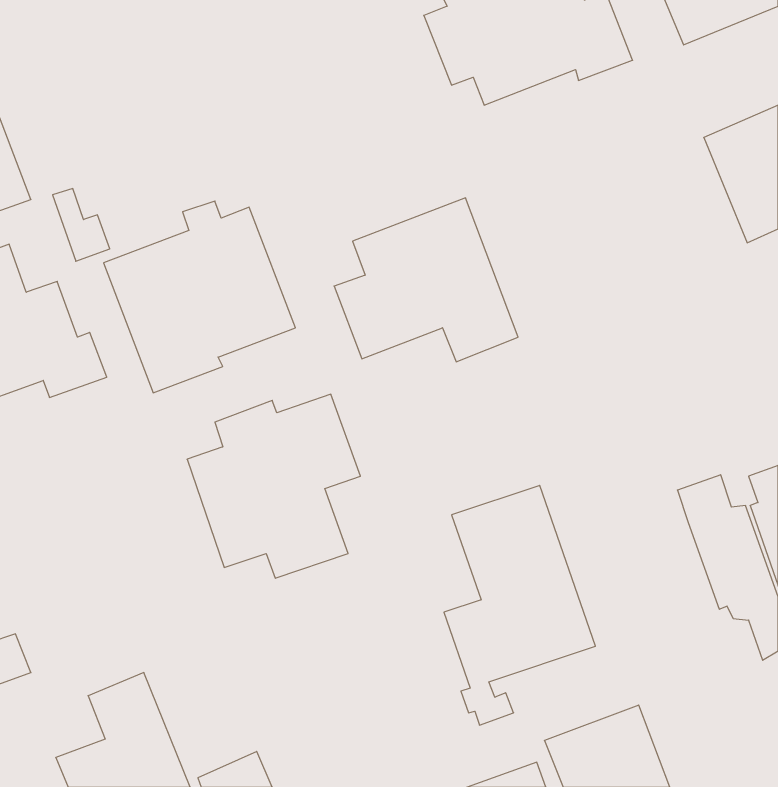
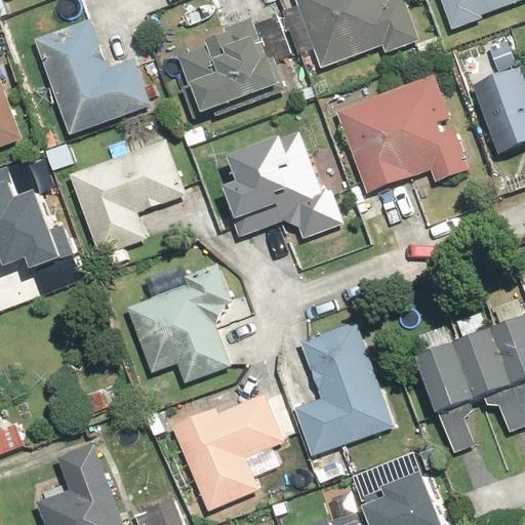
building: none -> [31,15,153,136]
building: none -> [174,15,292,116]
building: none -> [334,78,474,195]
building: none -> [408,330,474,457]
building: none -> [169,385,284,511]

